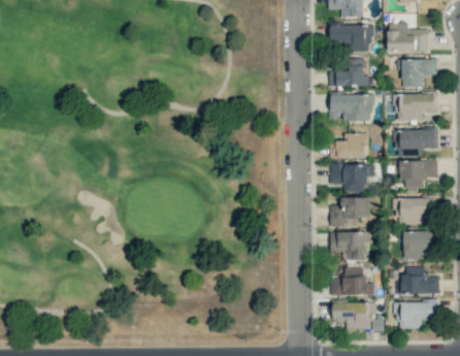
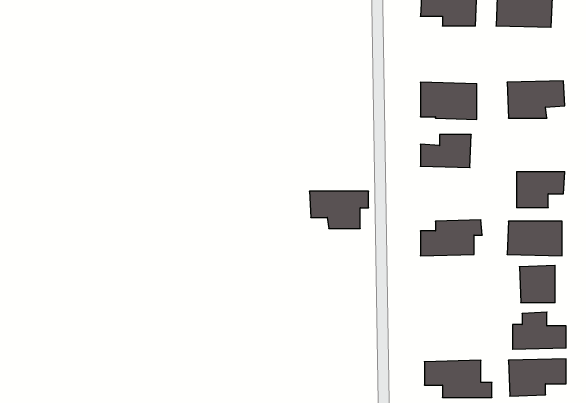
building: [329,59,369,87] -> none
building: [398,59,437,88] -> none
building: [395,129,438,157] -> none
building: [330,164,374,192] -> [309,191,369,228]
building: [331,232,369,260] -> none
building: [330,268,374,296] -> none

